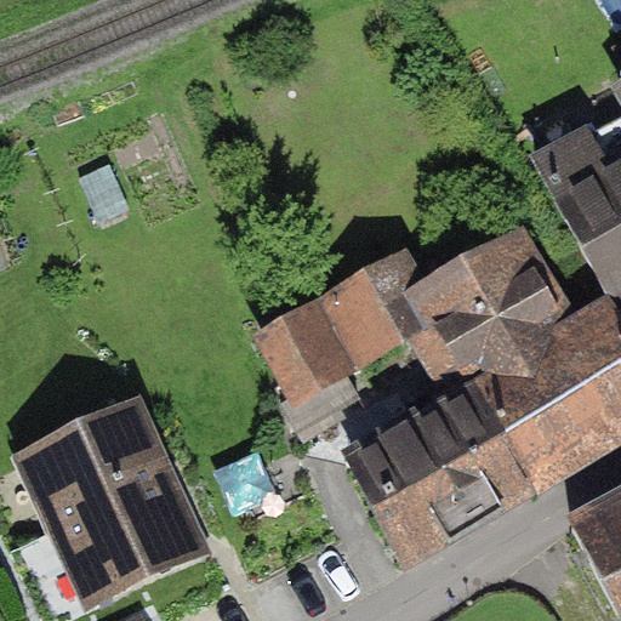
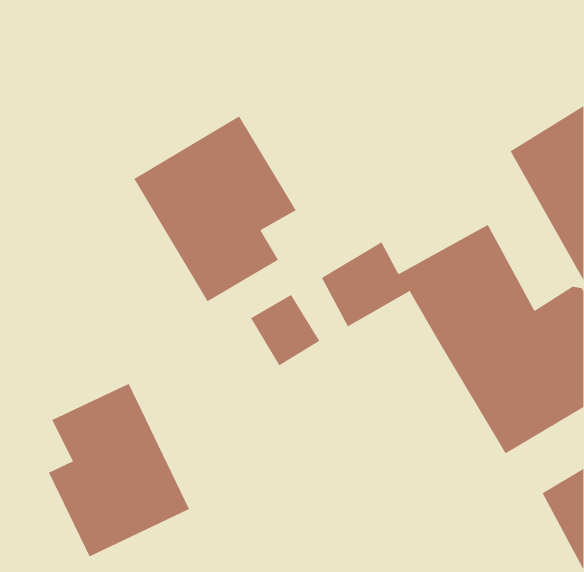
building: none -> [133,115,297,302]
building: [358,364,536,556] -> none

